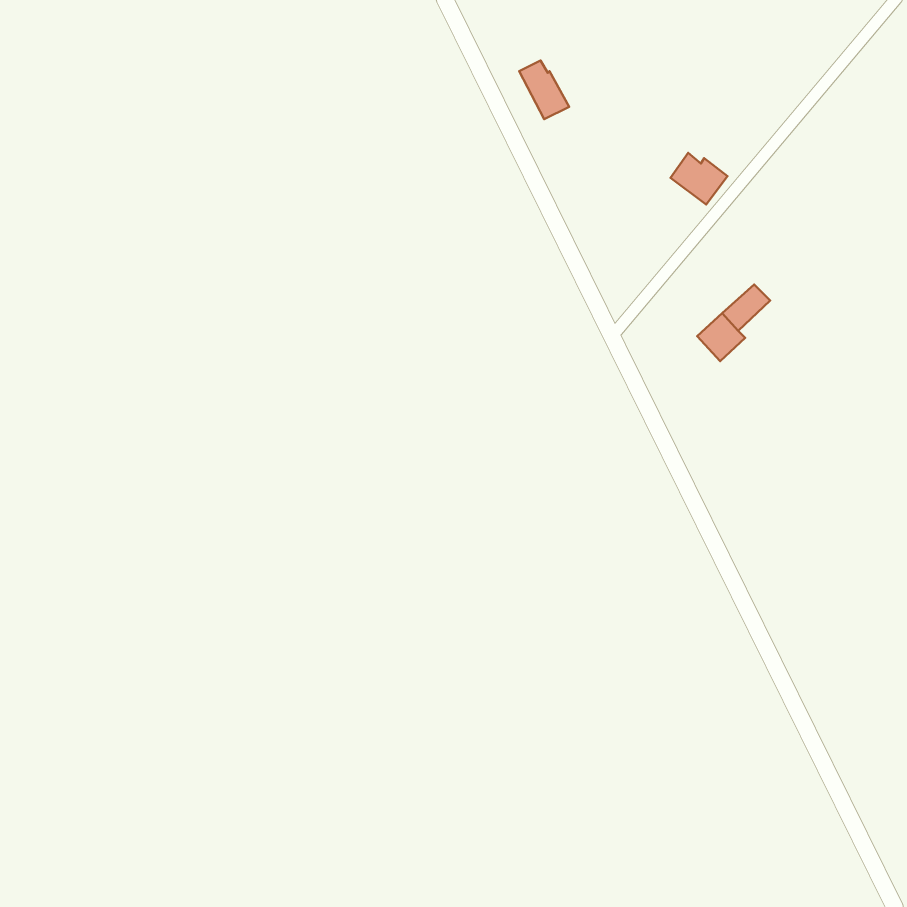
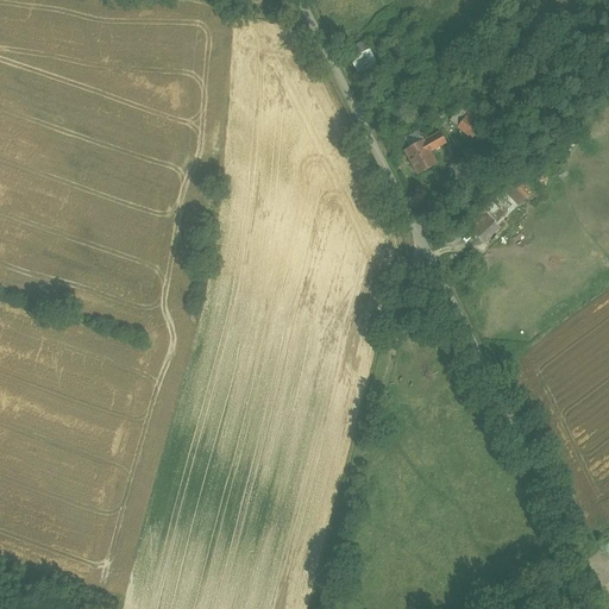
building: none -> [403,131,445,174]

